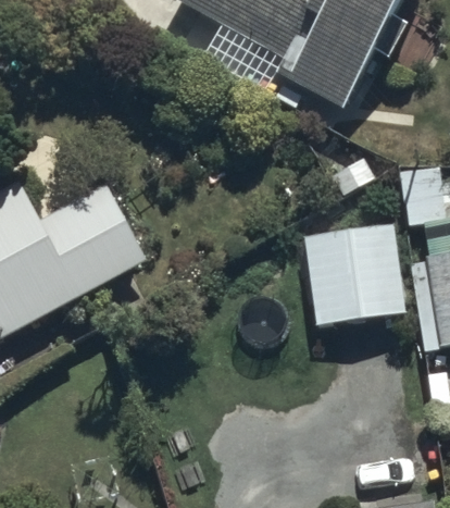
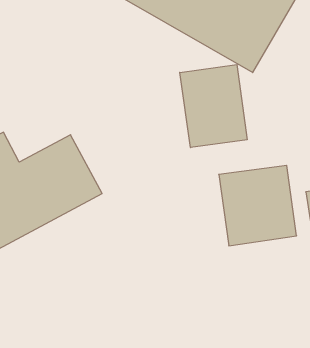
building: none -> [180,65,247,148]

